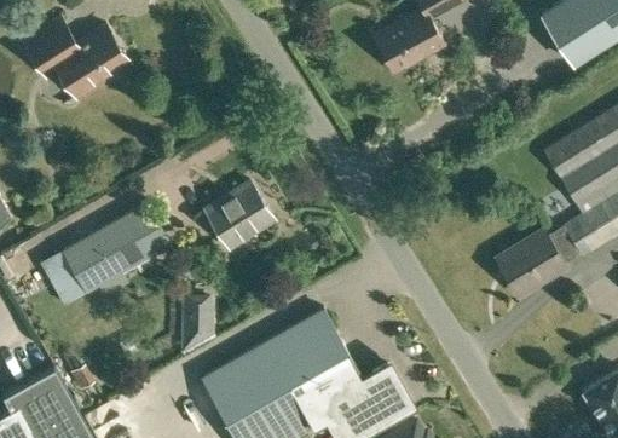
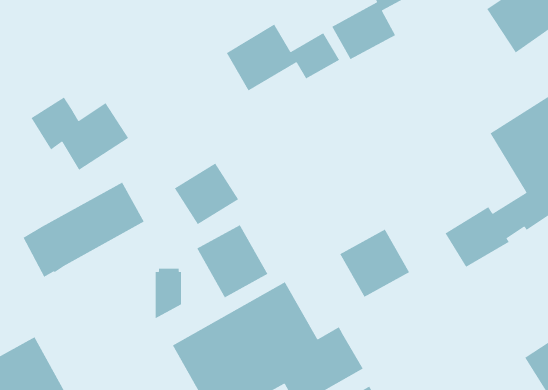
building: [24,21,131,100] -> [30,97,129,171]
building: none -> [226,23,340,92]
building: none -> [196,224,268,298]
building: none -> [339,228,410,298]

